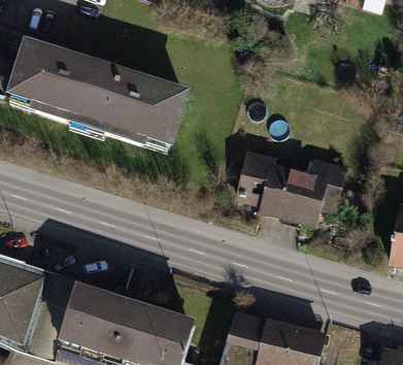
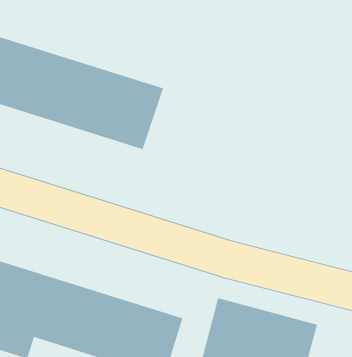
building: [233,145,347,229] -> none

